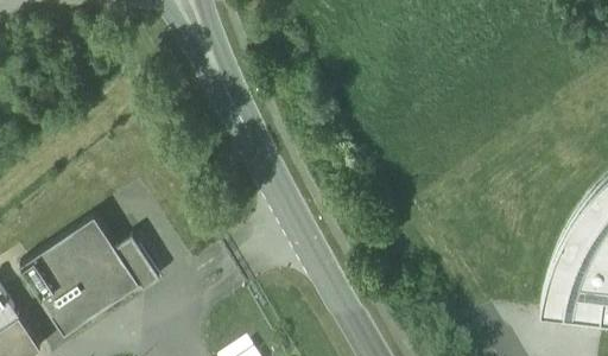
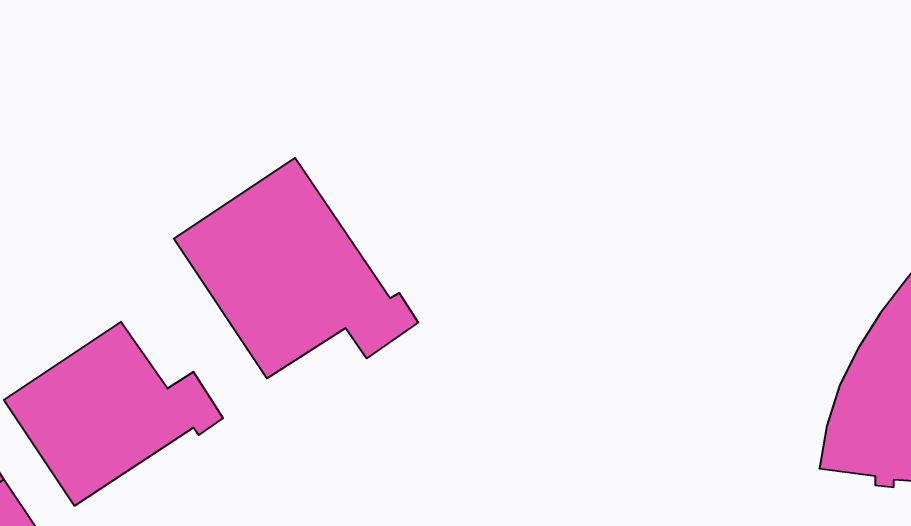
building: none -> [174,158,418,378]

